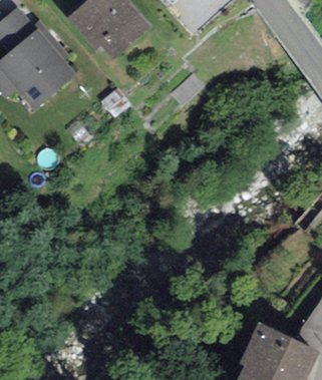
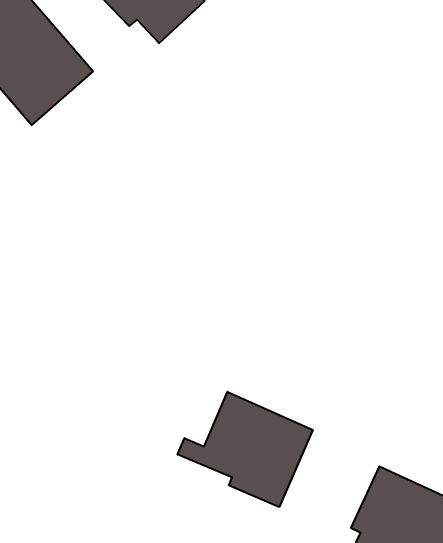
building: none -> [178,392,313,507]

